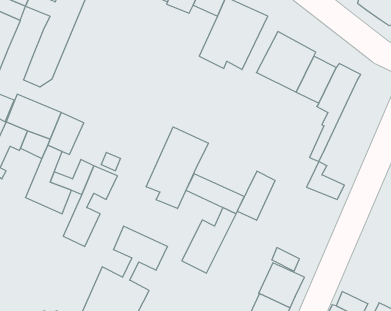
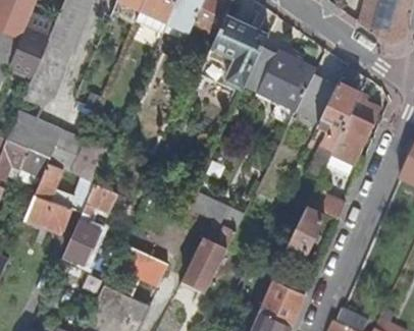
building: none -> [9,38,45,77]
building: none -> [325,98,381,176]
building: [146,127,208,209] -> none
building: [237,171,275,220] -> [287,207,324,256]

